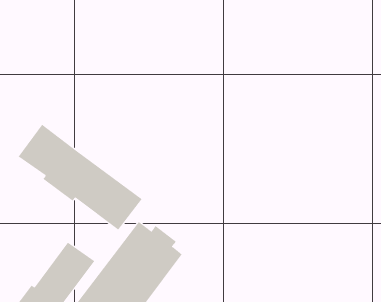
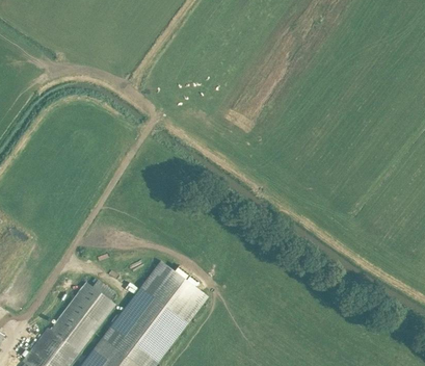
building: [18,124,143,231] -> none

